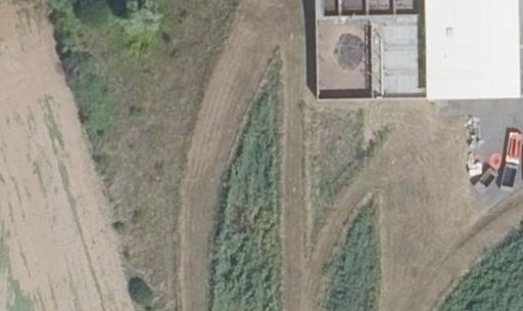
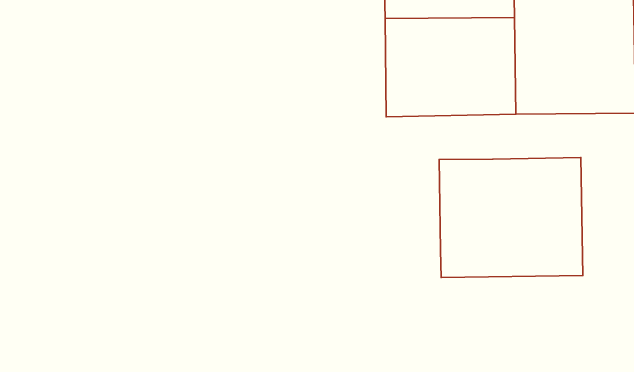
building: none -> [439,158,583,277]

